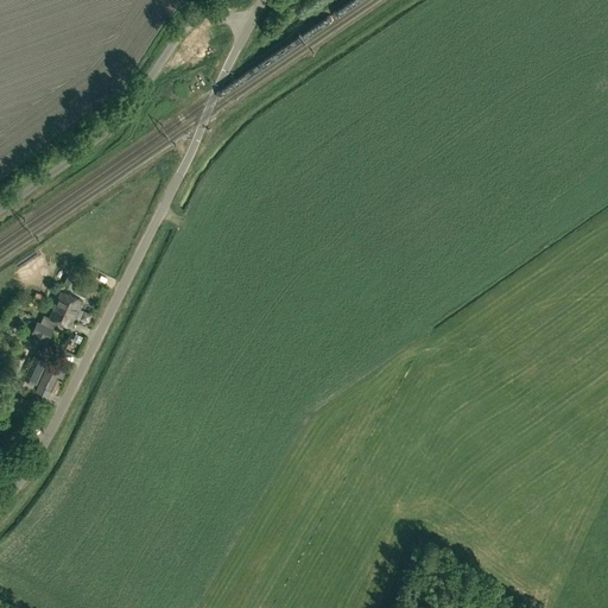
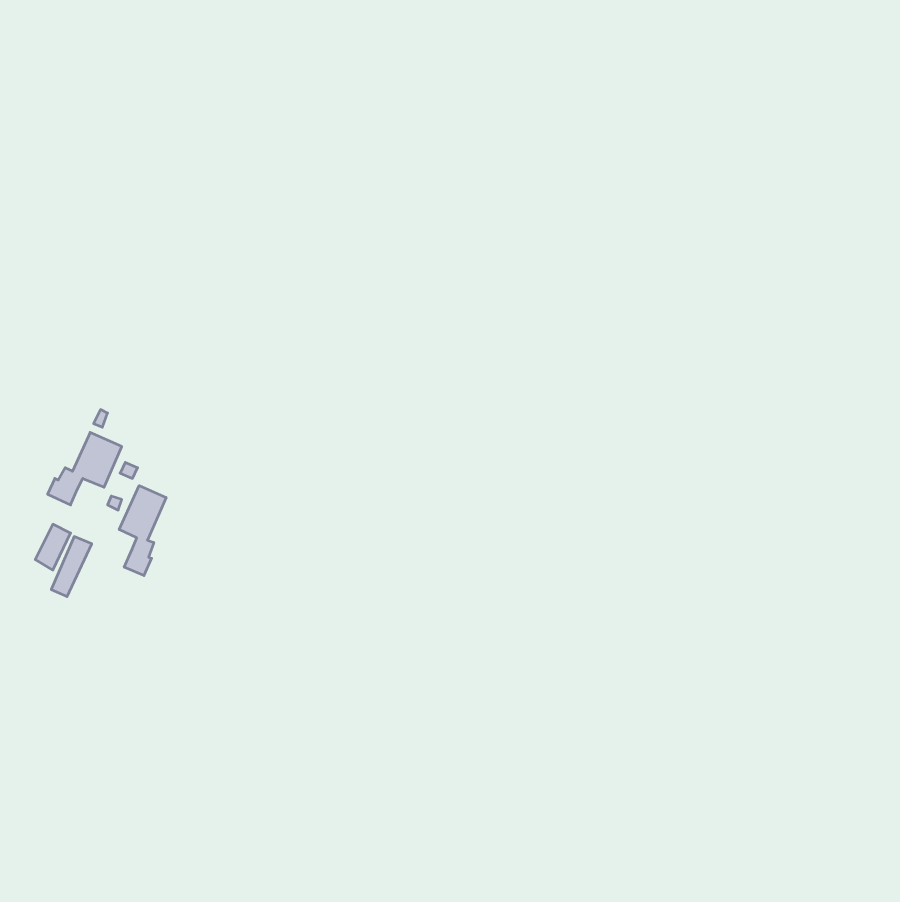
building: none -> [119,486,166,576]

